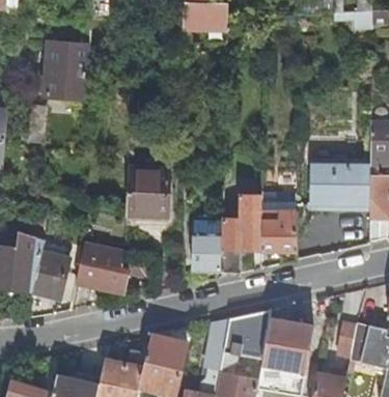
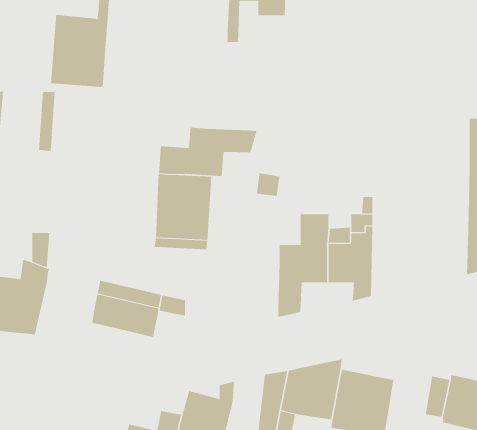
building: none -> [159,127,257,177]
building: [308,160,370,208] -> none
building: [192,220,222,271] -> none
building: [32,242,77,301] -> none

